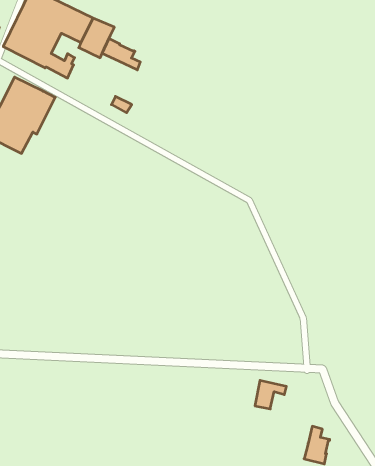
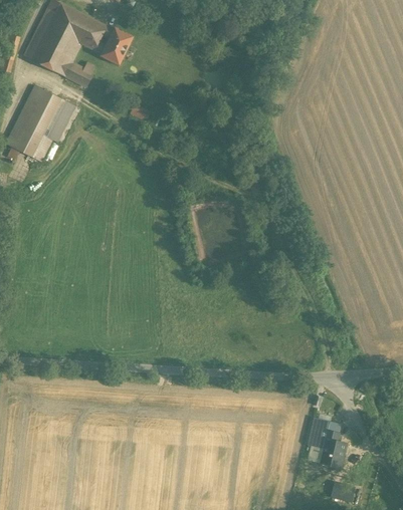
building: [102,38,140,70] -> none
building: [255,380,286,409] -> [310,419,341,447]

